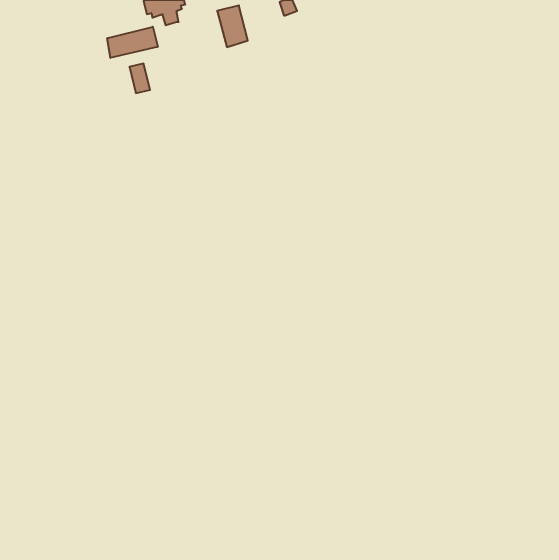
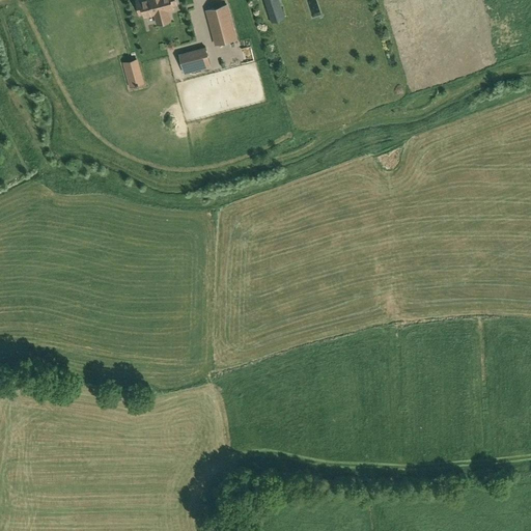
building: [107,27,158,58] -> none
building: none -> [178,47,209,73]

